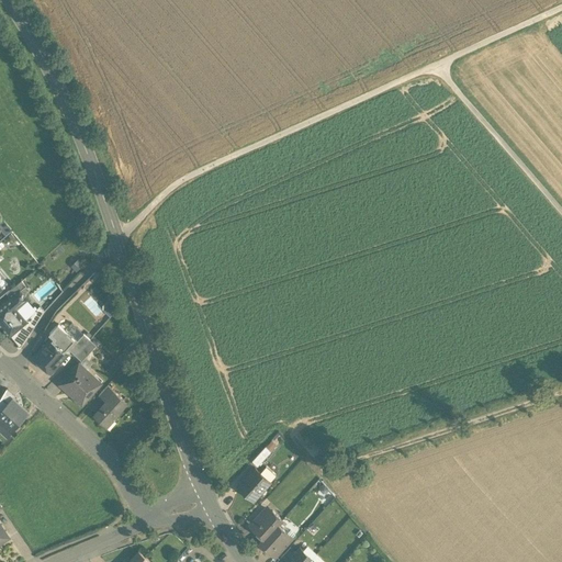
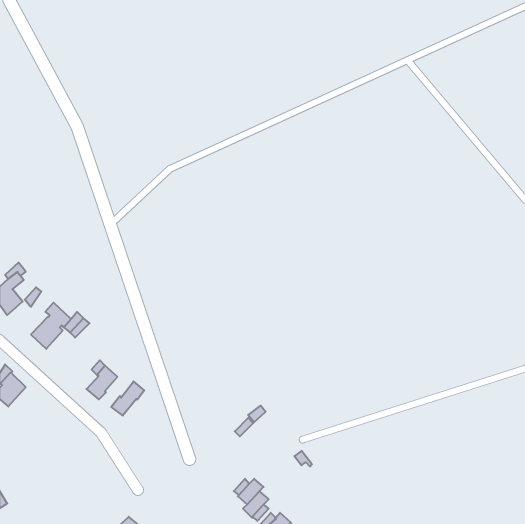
building: [58,364,100,406] -> none
building: none -> [111,381,144,416]
building: [238,470,269,499] -> none

